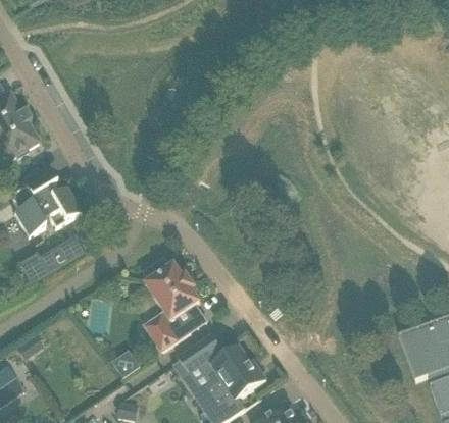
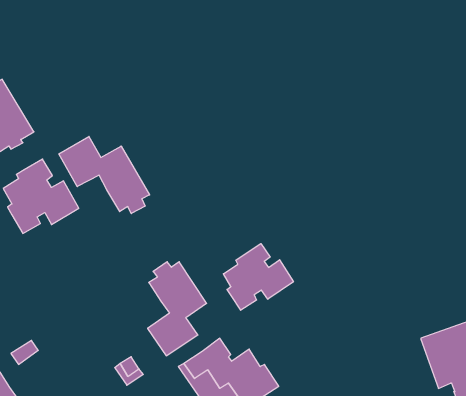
building: none -> [59,136,150,214]
building: [38,235,84,272] -> none
building: none -> [223,244,293,310]

